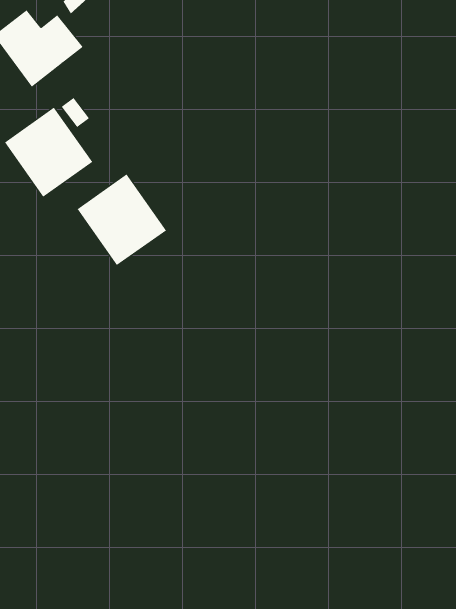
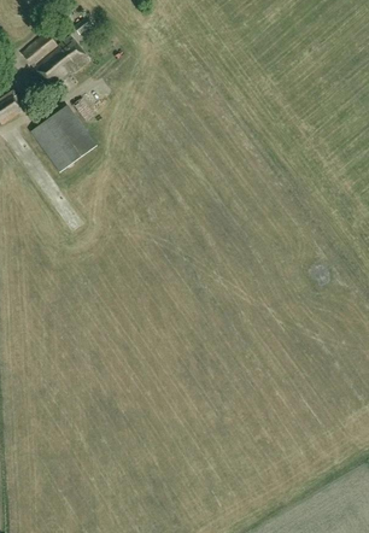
building: [77,173,167,266] -> none

